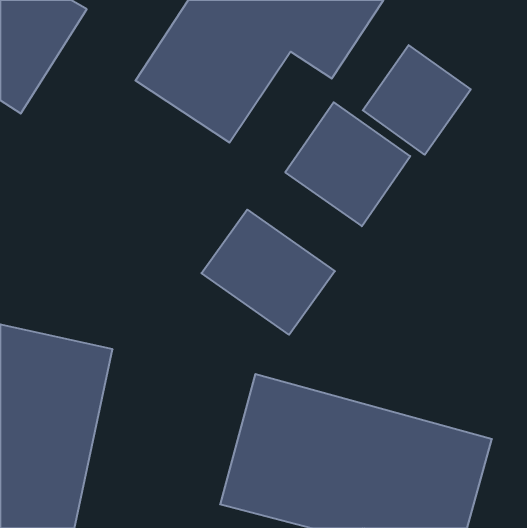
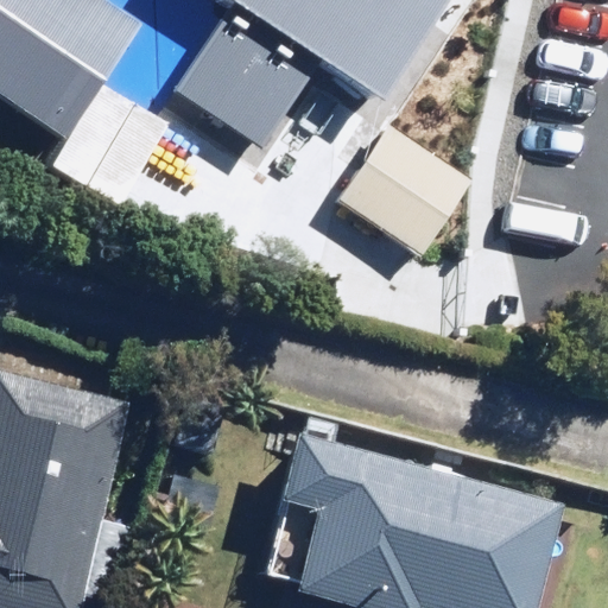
building: [363,45,471,155] -> none
building: [201,210,335,335] -> none

